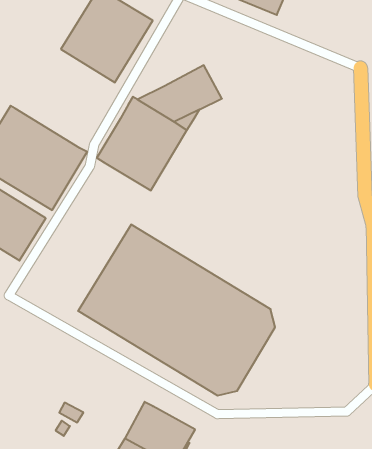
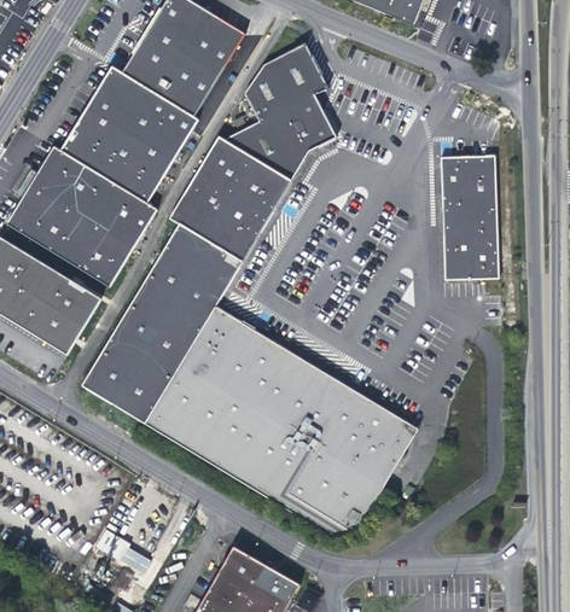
building: none -> [245,43,328,121]
building: none -> [60,66,199,204]
building: none -> [438,156,499,273]
building: none -> [83,223,243,422]

